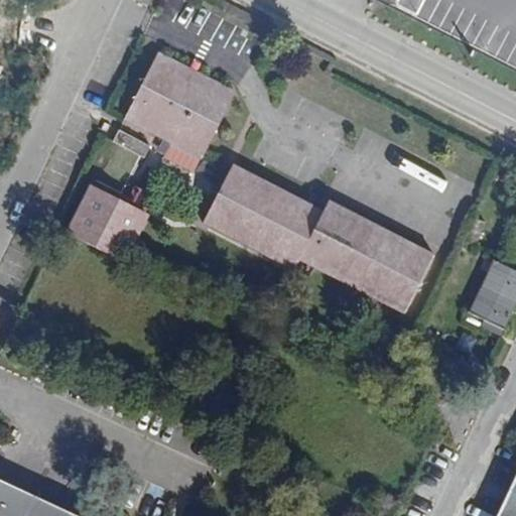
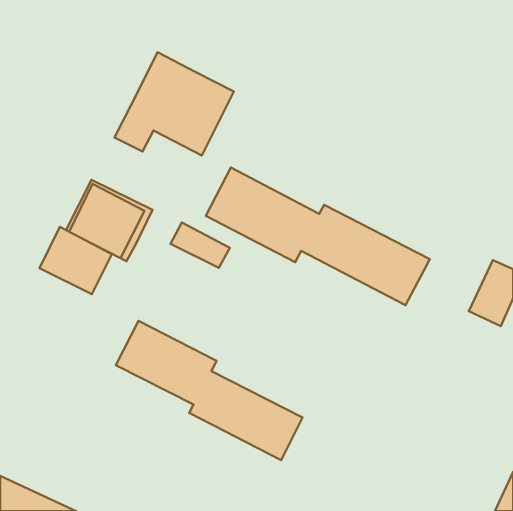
building: [143,131,203,176] -> [171,223,230,268]
building: none -> [40,227,112,294]
building: none -> [116,321,303,460]

